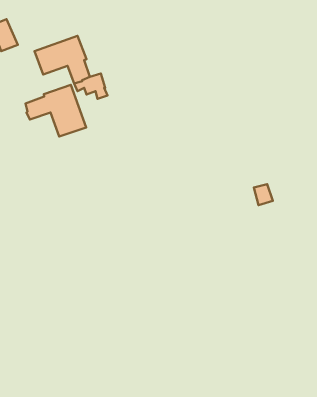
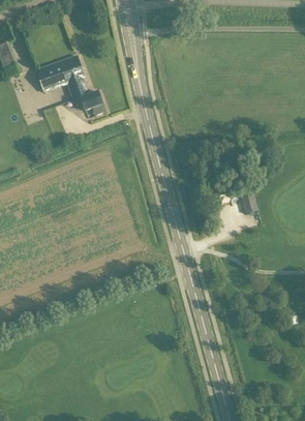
building: [25,85,86,137] -> none

